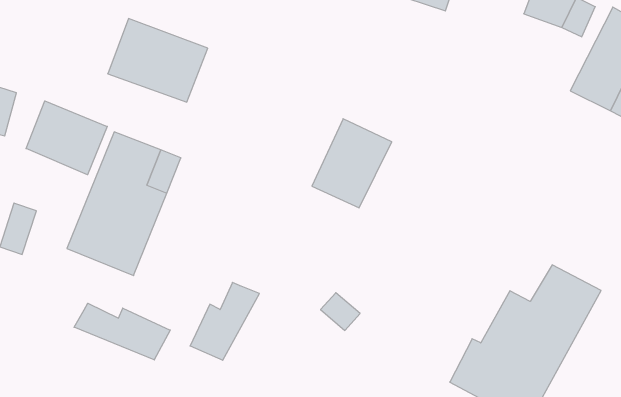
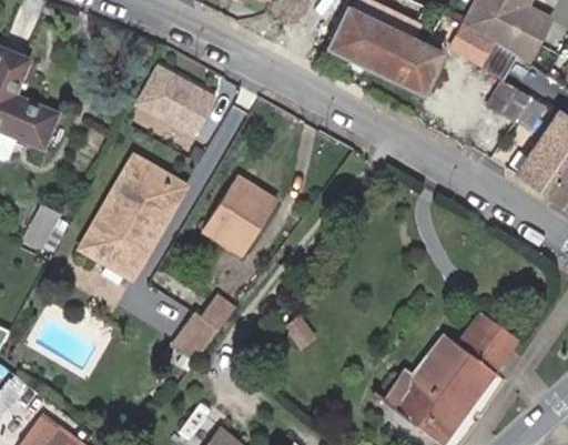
building: [26,101,107,175] -> none
building: [312,119,392,208] -> [204,174,275,250]
building: [74,303,170,360] -> none

